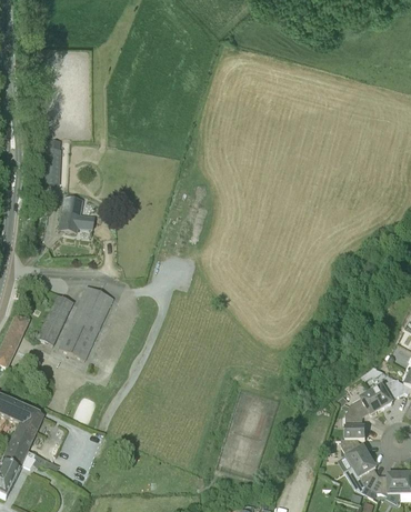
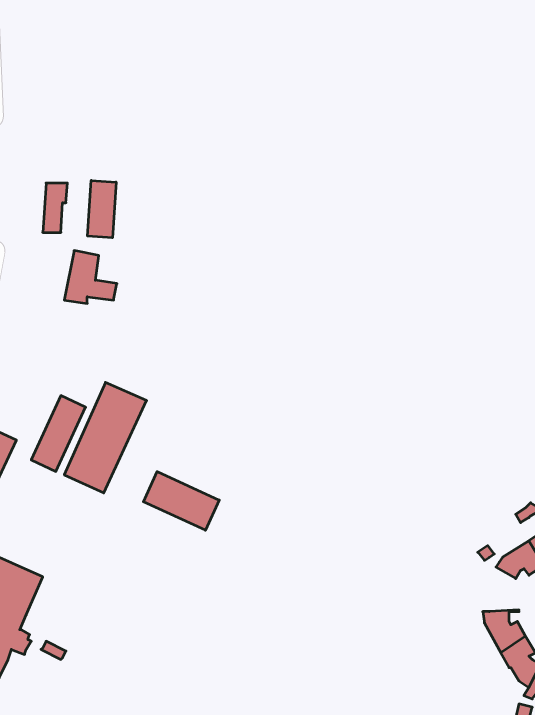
building: none -> [88,180,116,238]
building: none -> [143,472,219,530]
building: [344,409,364,439] -> none

